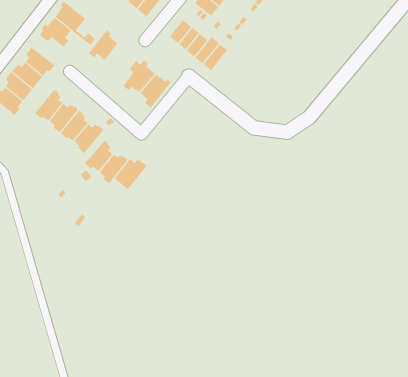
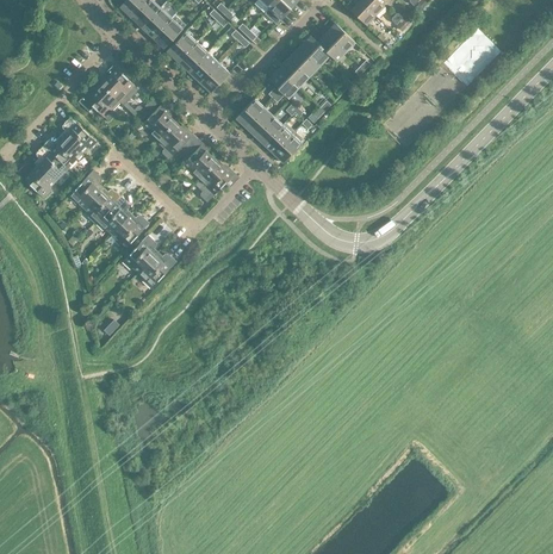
building: none -> [156,122,193,160]
building: [114,159,148,190] -> none

